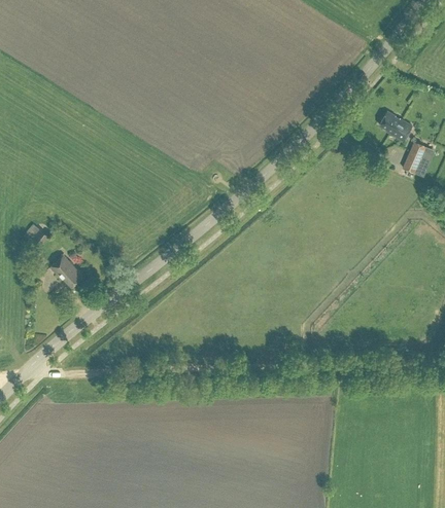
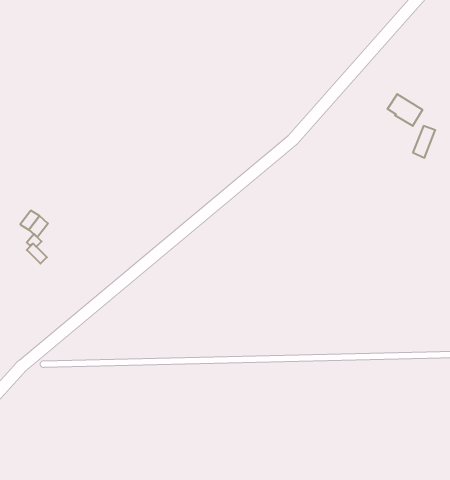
building: [52,254,85,286] -> none

